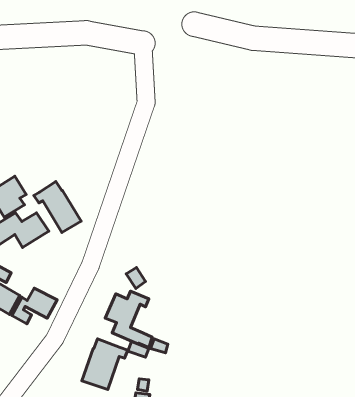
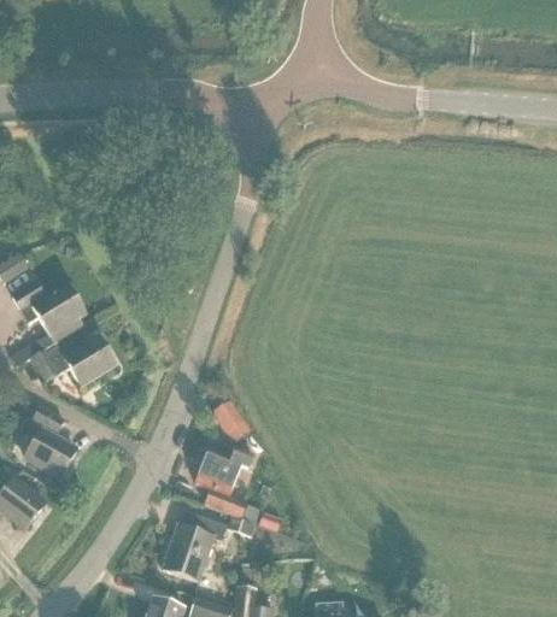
building: [34,181,81,232] -> none
building: [12,288,57,324] -> none

